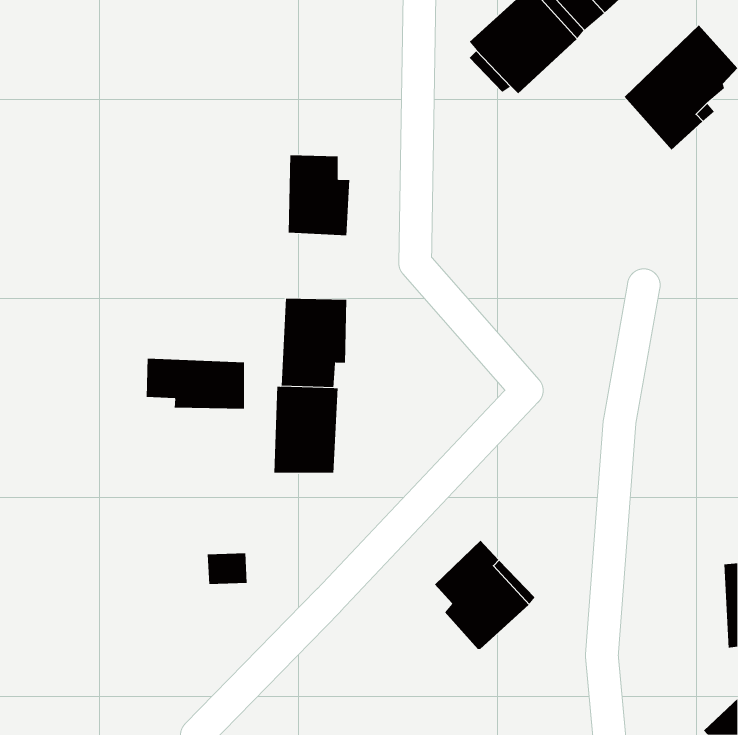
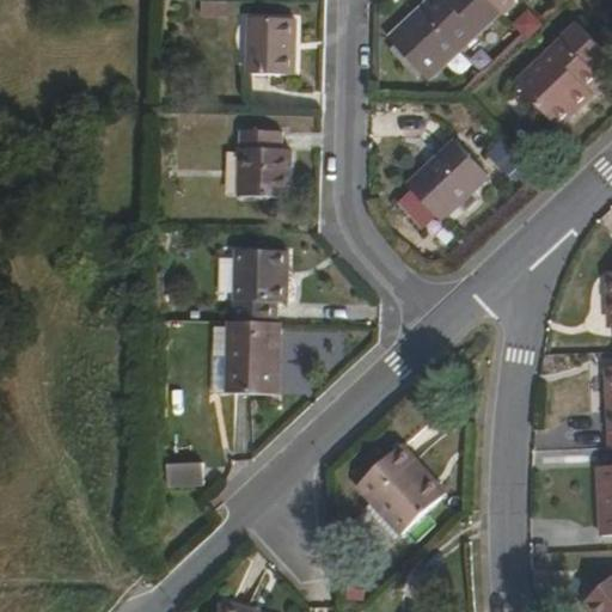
building: none -> [246,16,293,72]
building: none -> [409,140,486,218]
building: [146,358,245,409] -> none

